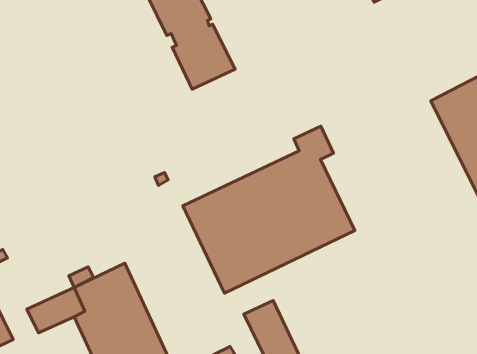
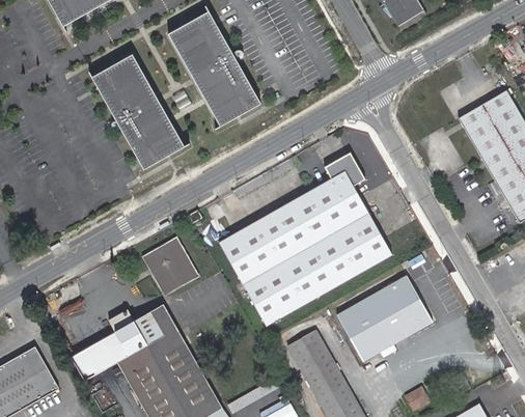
building: none -> [91,53,185,168]
building: none -> [145,239,197,293]
building: none -> [337,276,433,362]

